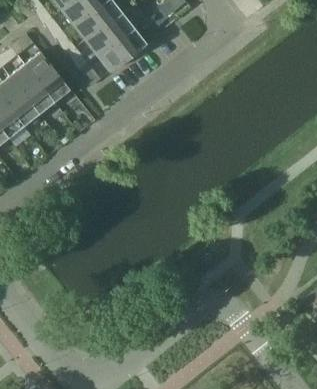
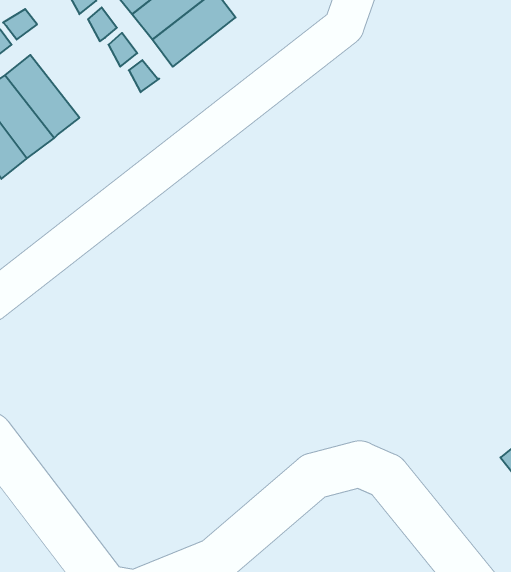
building: [25,52,70,102] -> none

